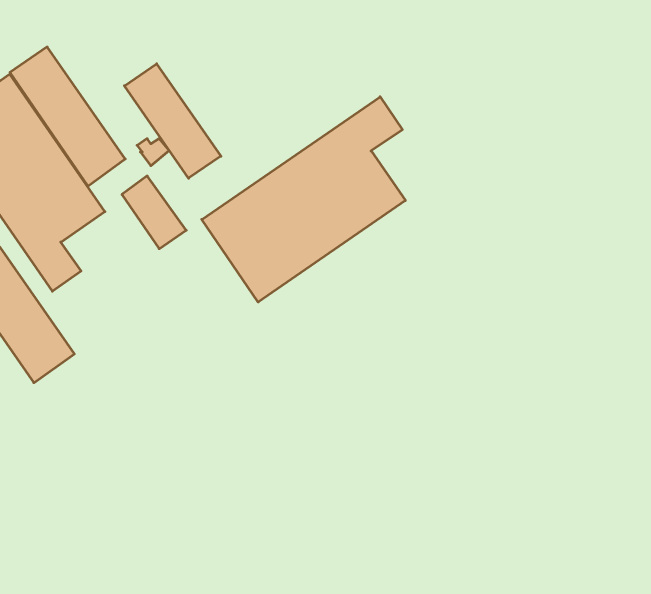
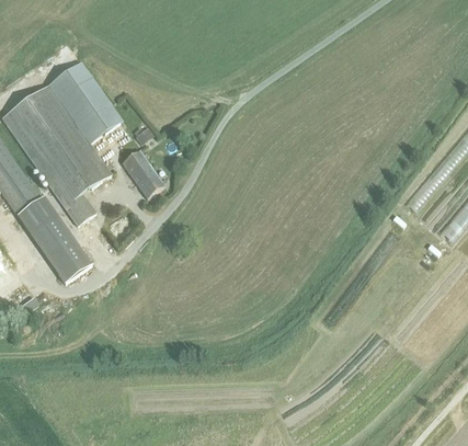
building: [124,64,221,178] -> none
building: [202,97,405,302] -> none

